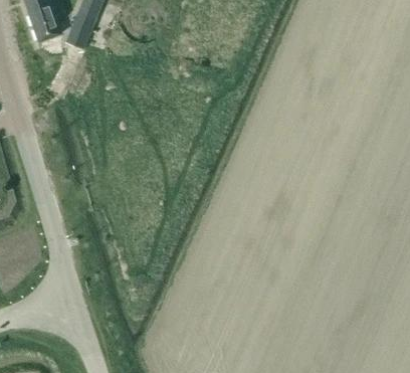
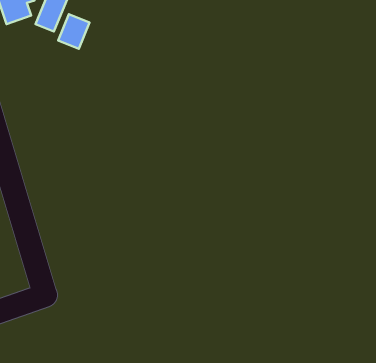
building: none -> [58,14,90,49]

